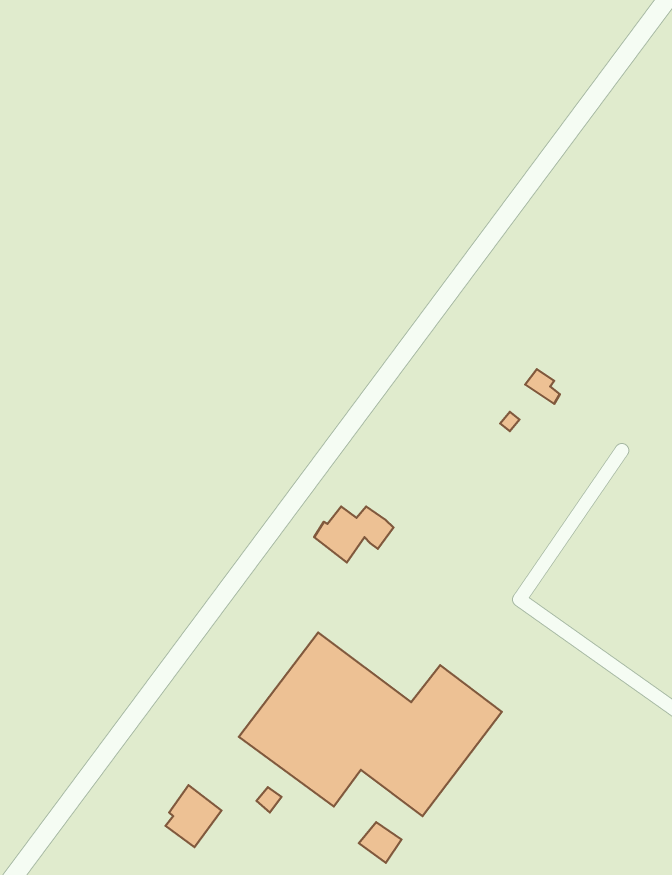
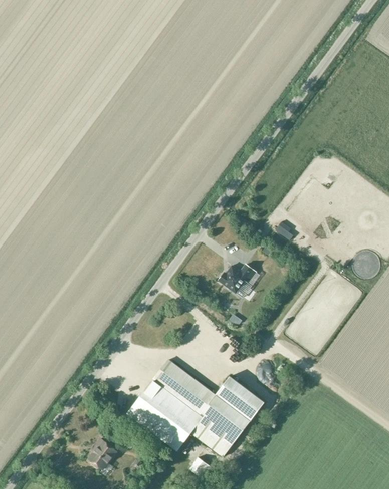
building: [314,506,393,562] -> [220,266,261,295]

